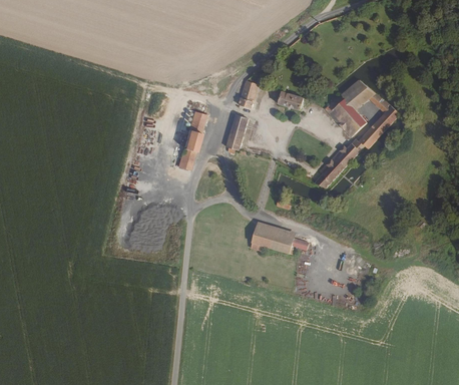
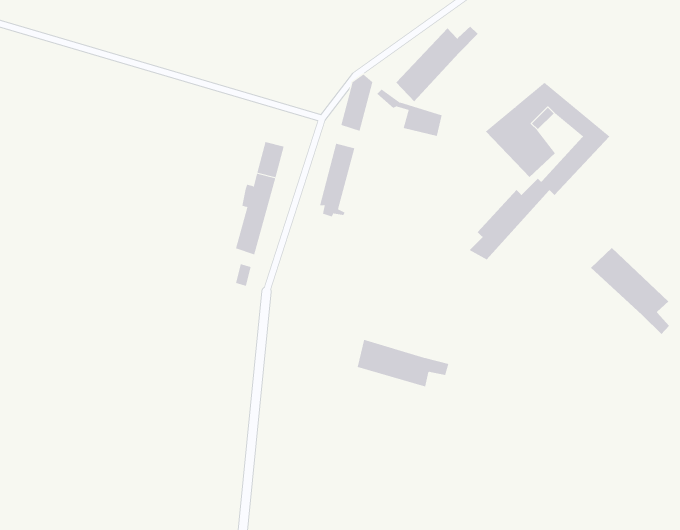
building: none -> [395,26,478,102]
building: none -> [590,247,670,335]

